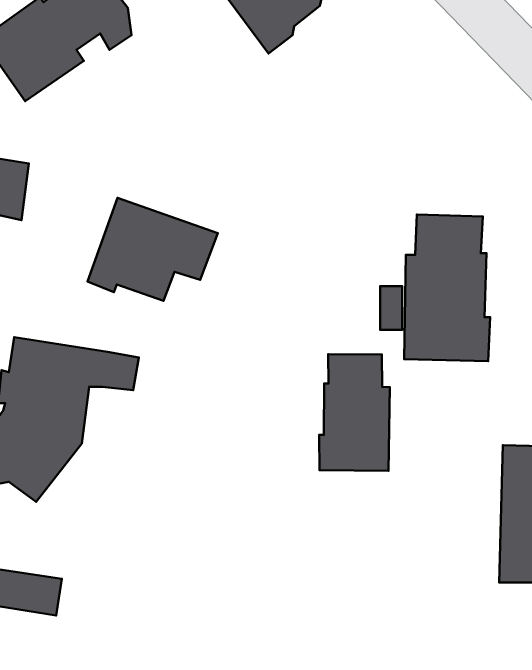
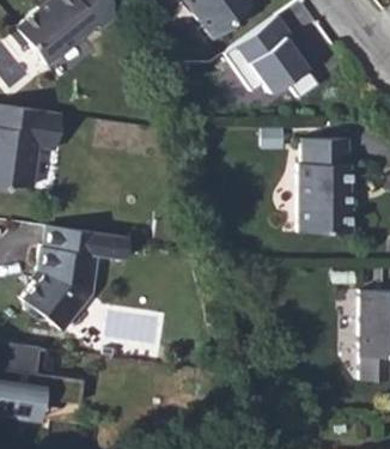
building: none -> [230,16,322,98]
building: [88,198,218,301] -> none
building: [319,354,390,471] -> none

